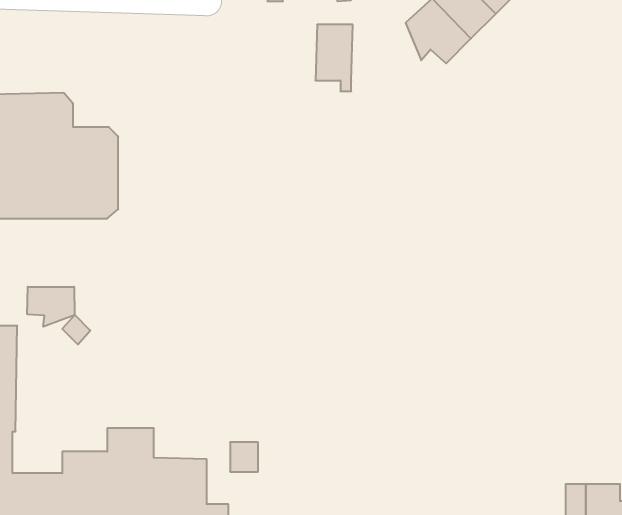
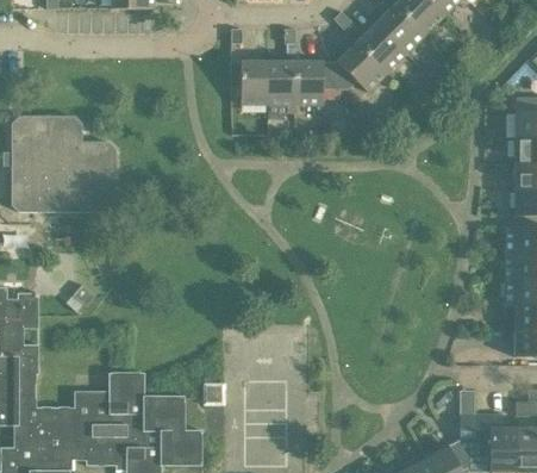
building: none -> [295,60,349,104]
building: none -> [241,61,269,104]
building: [27,287,74,327] -> none

